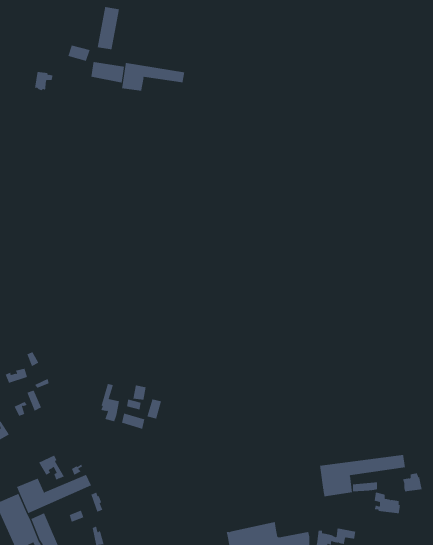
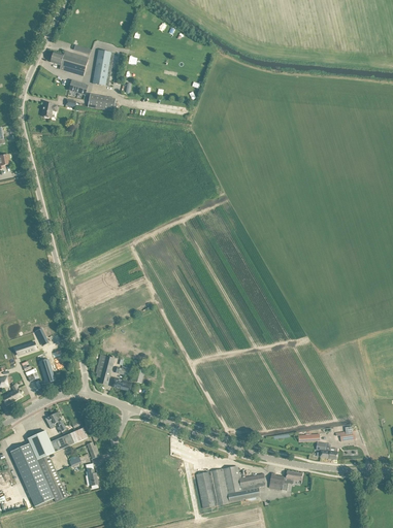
building: none -> [50,51,88,75]
building: [122,62,185,92] -> none
building: [320,454,405,497] -> none

